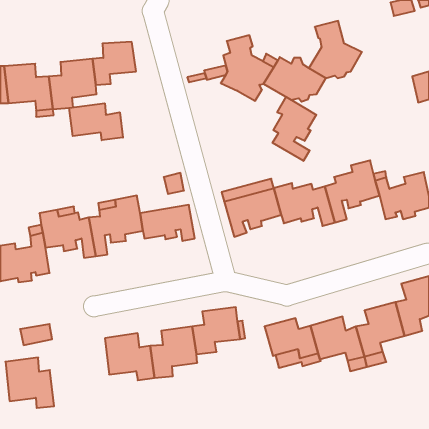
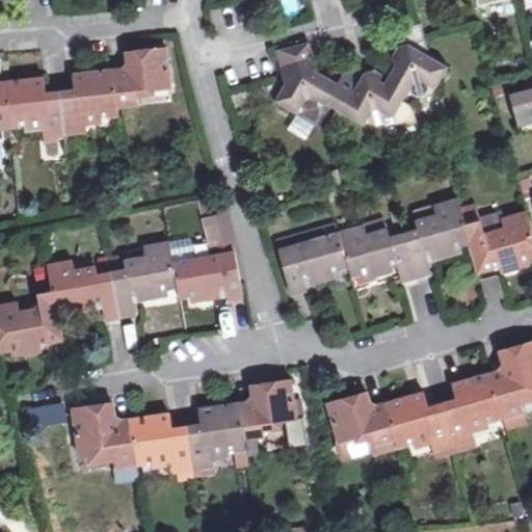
building: [273,97,316,161] -> none
building: [69,103,123,140] -> none
building: [5,358,54,408] -> [75,403,135,466]

